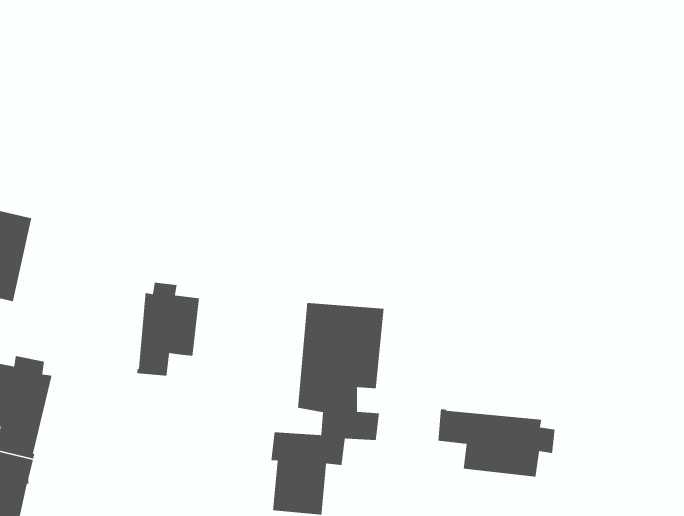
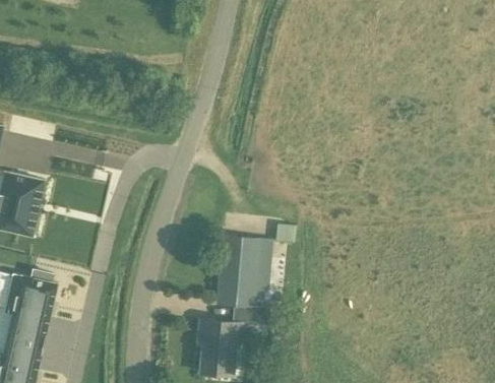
building: [136,282,200,377] -> none
building: [438,408,556,477] -> none

